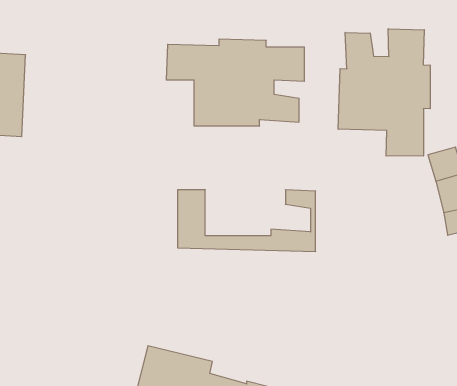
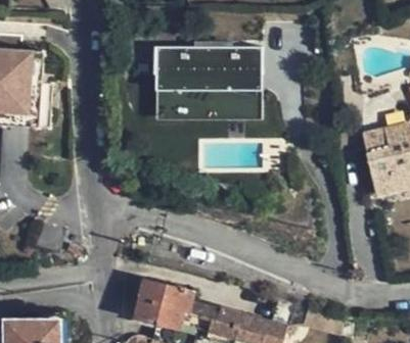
building: [338,29,430,156] -> none
building: [178,190,316,252] -> [156,72,264,120]

